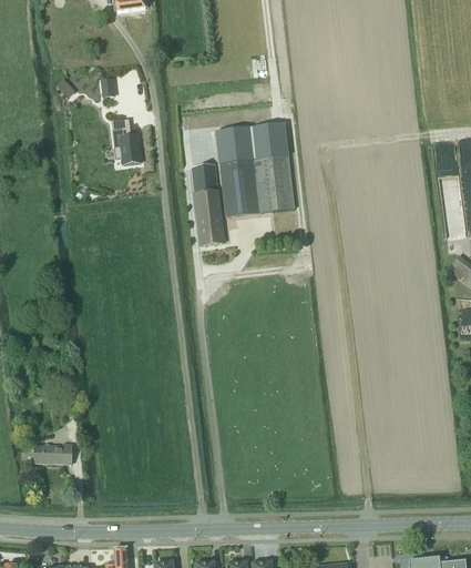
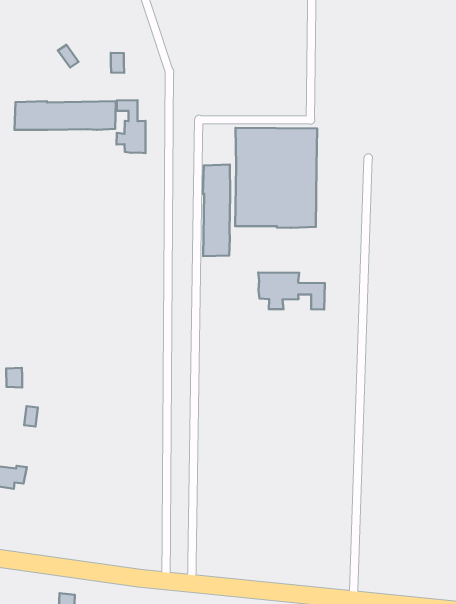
building: none -> [15,101,116,130]
building: none -> [258,273,325,309]

